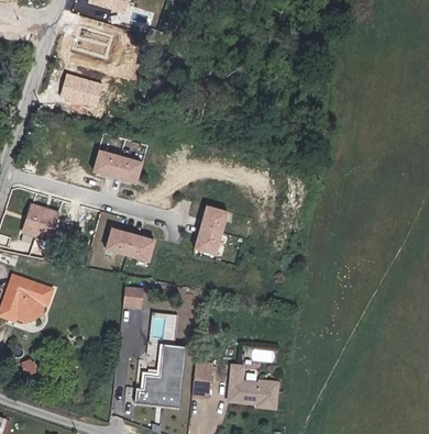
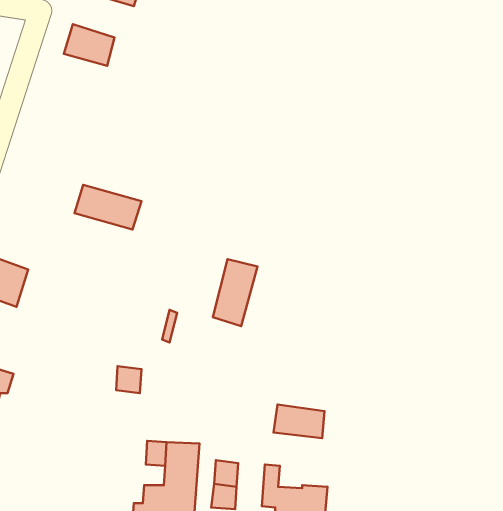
building: [70,79,113,112] -> none
building: [105,226,154,260] -> none
building: none -> [274,405,324,438]

